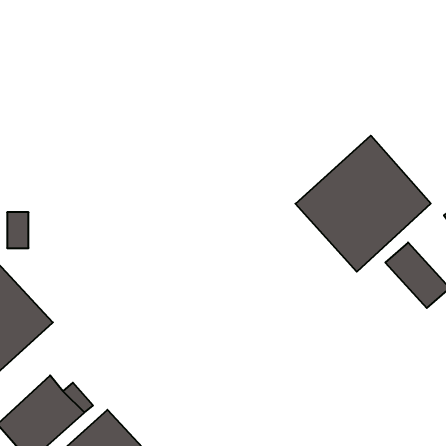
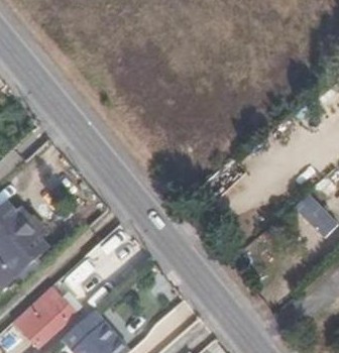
building: [295,136,431,272] -> none

